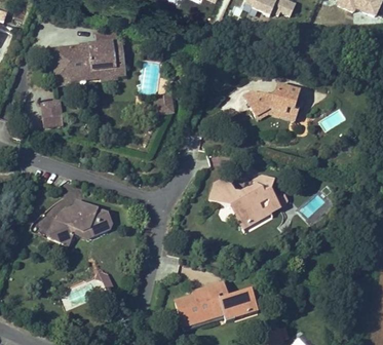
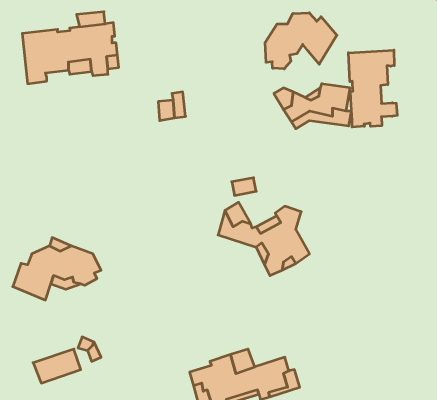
building: none -> [265,13,337,69]
building: none -> [348,50,397,127]
building: [43,100,66,127] -> none

